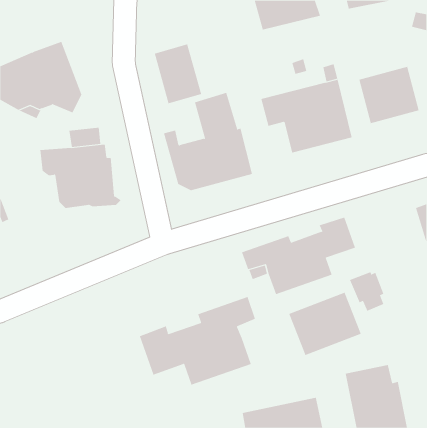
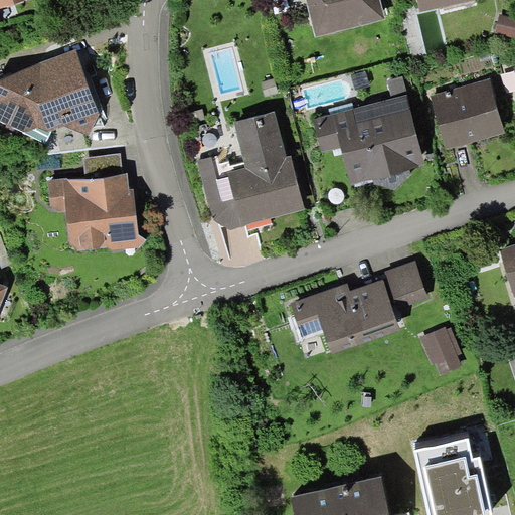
building: [154,44,202,104] -> none
building: [288,292,361,356] -> none
building: [139,296,256,386] -> none

